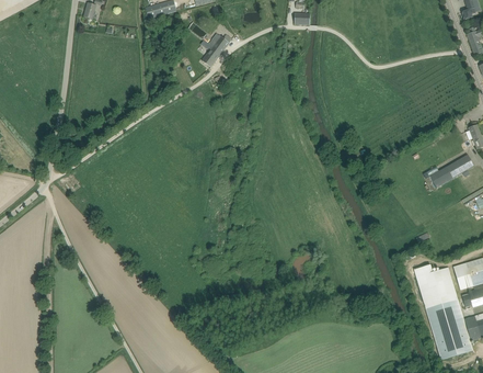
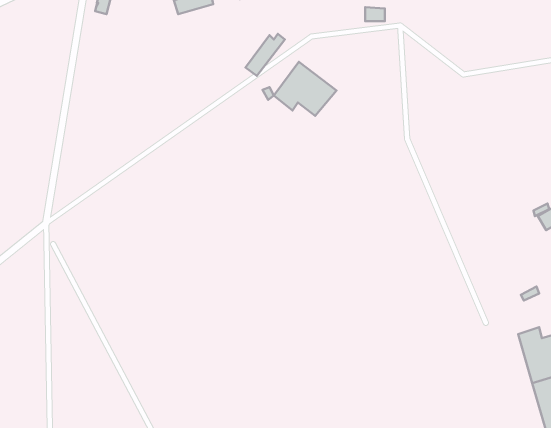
building: none -> [274,62,336,116]

